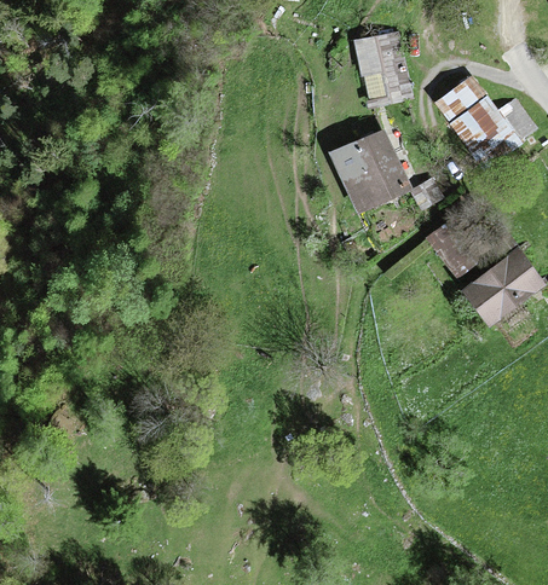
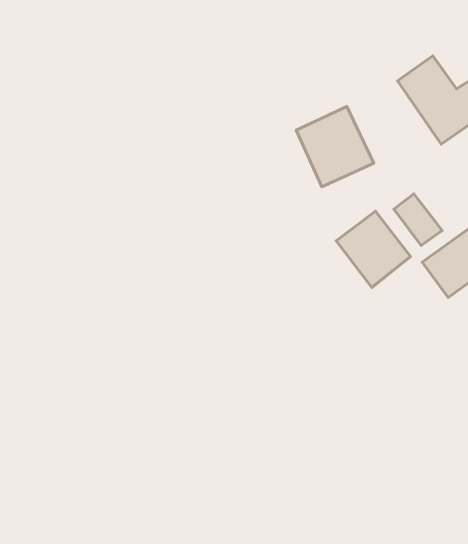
building: [354,35,415,105] -> none
building: none -> [336,211,411,288]

